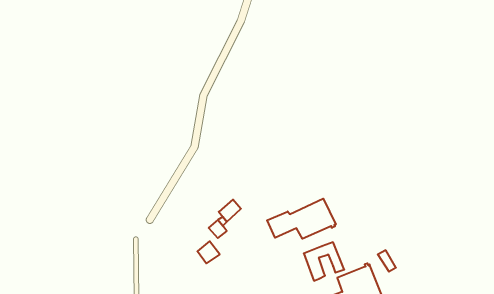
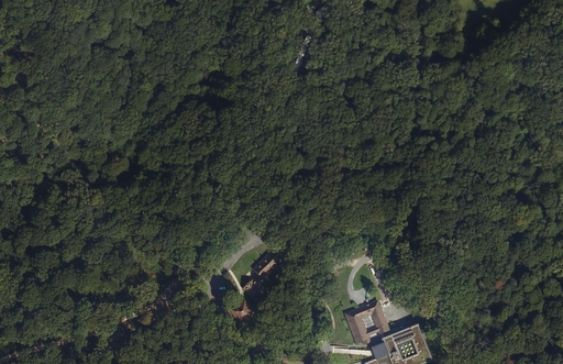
building: [267,199,336,239] -> none

